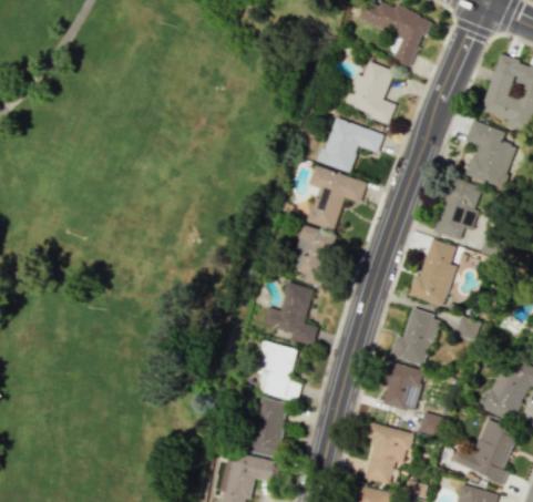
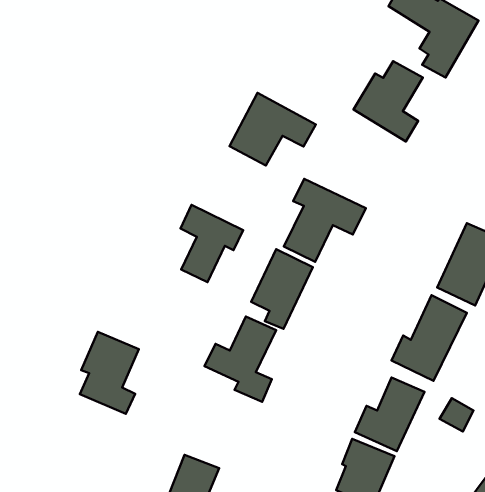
building: [319,117,383,173] -> [230,93,316,165]
building: none -> [181,205,243,282]
building: [255,341,300,401] -> [80,332,139,414]

